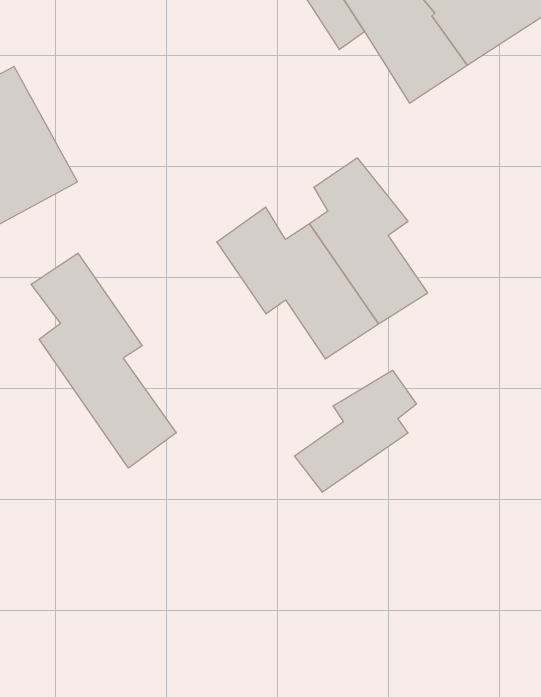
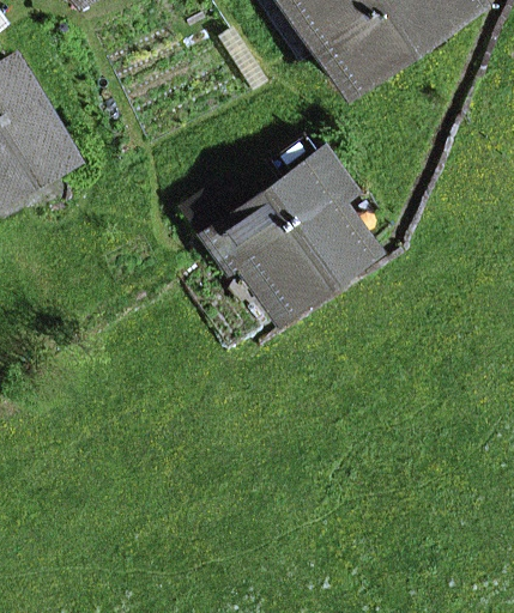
building: [31,253,176,468] -> none
building: [295,370,417,492] -> none

